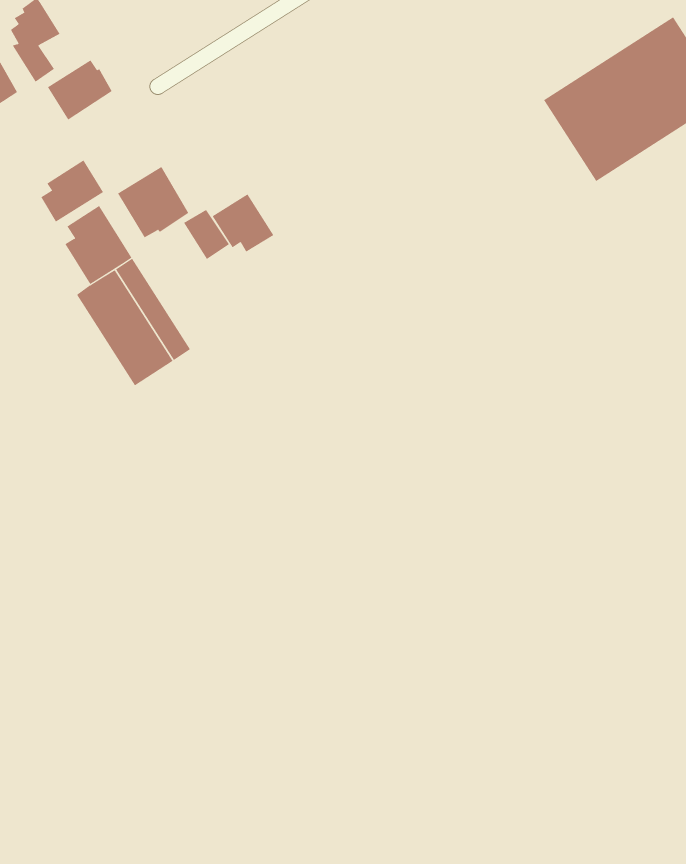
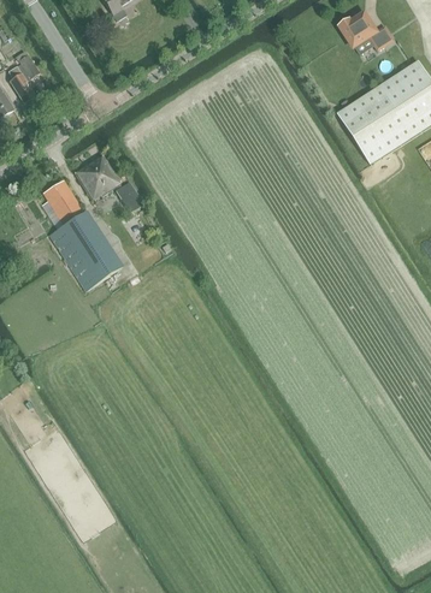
building: [47,60,113,121] -> none
building: [40,159,104,223] -> none
building: [212,193,274,253] -> none

